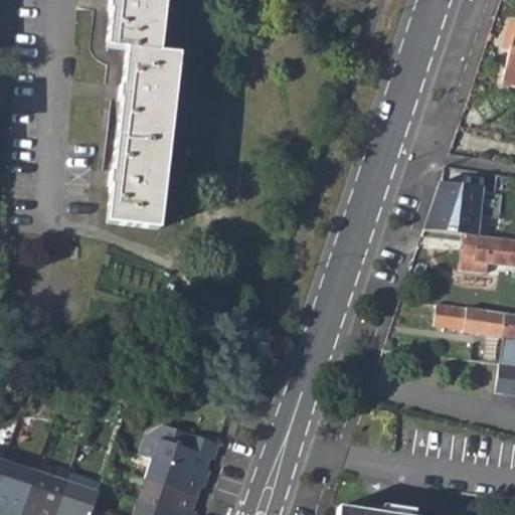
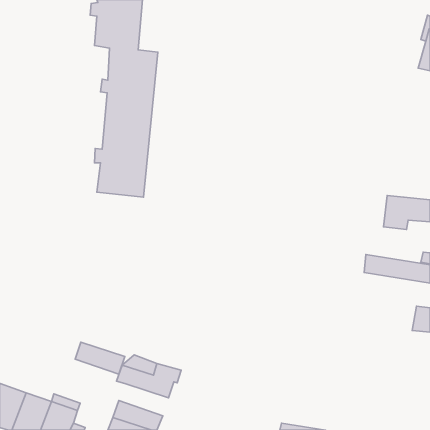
building: [430,182,485,235] -> none
building: [142,458,201,496] -> [75,342,125,374]

